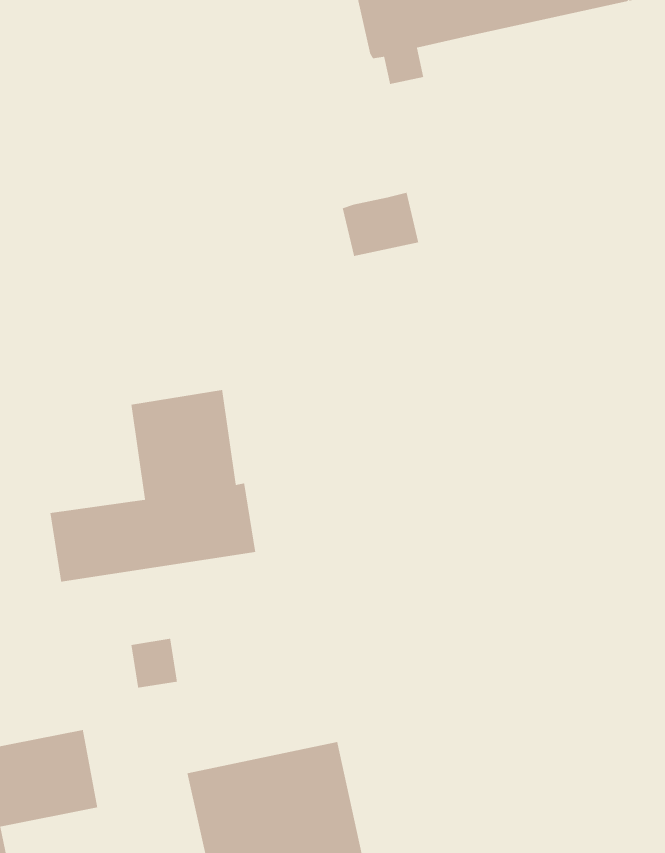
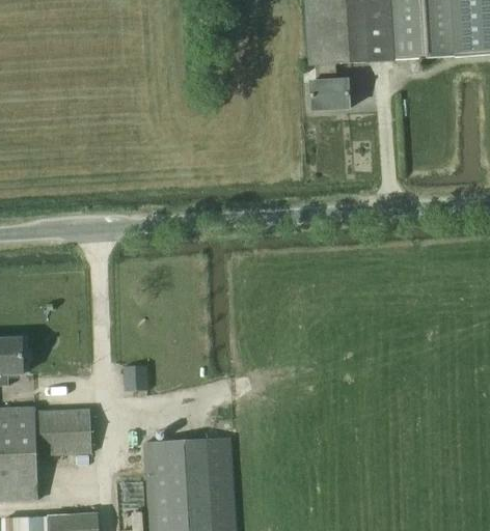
building: [342,192,419,257] -> [309,79,349,110]
building: [49,389,256,582] -> none

